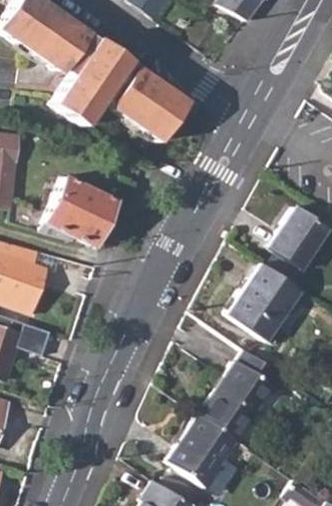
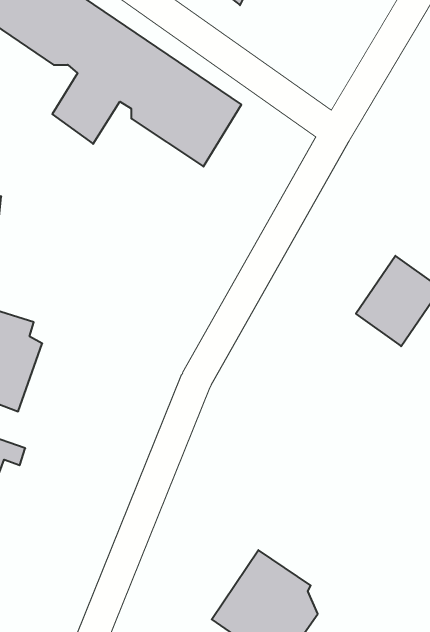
building: [34,174,114,247] -> none
building: [229,263,301,340] -> none
building: [201,360,274,438] -> none

